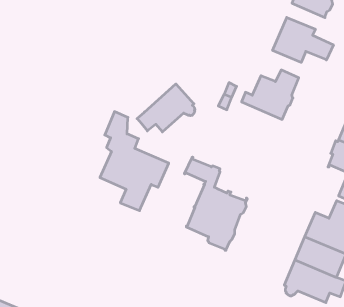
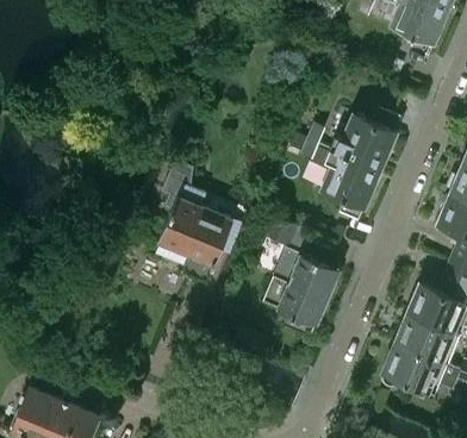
building: [273,17,333,62] -> none
building: [137,84,195,132] -> none
building: none -> [323,148,381,220]

